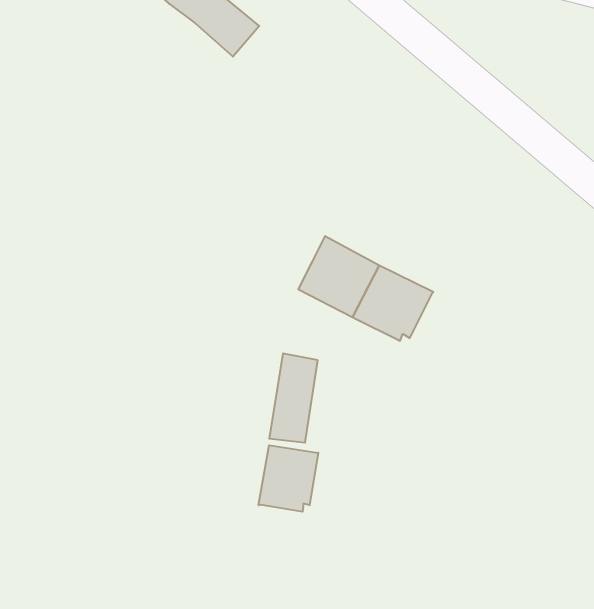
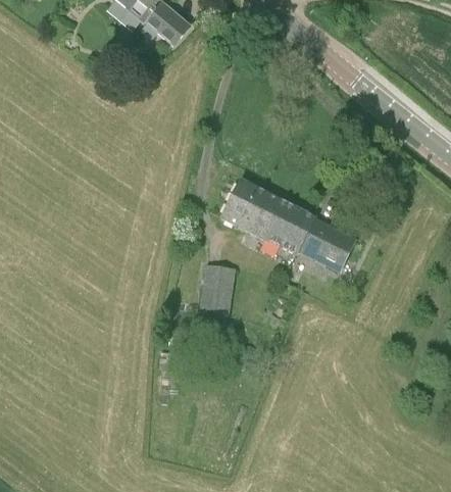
building: none -> [301,219,355,270]
building: [259,445,318,512] -> none

